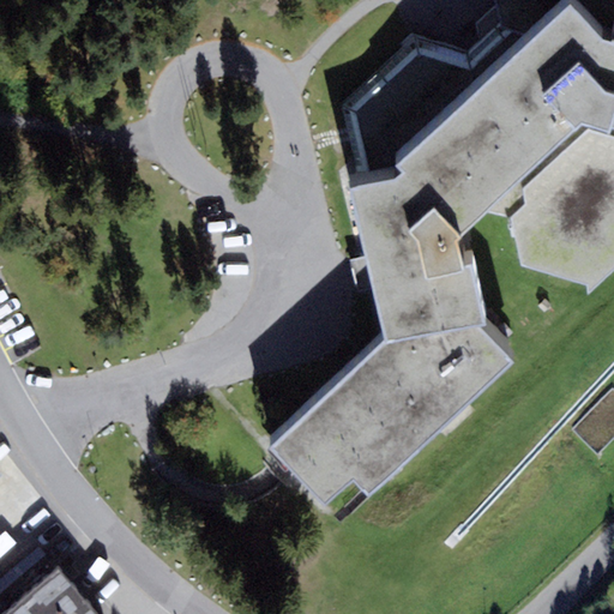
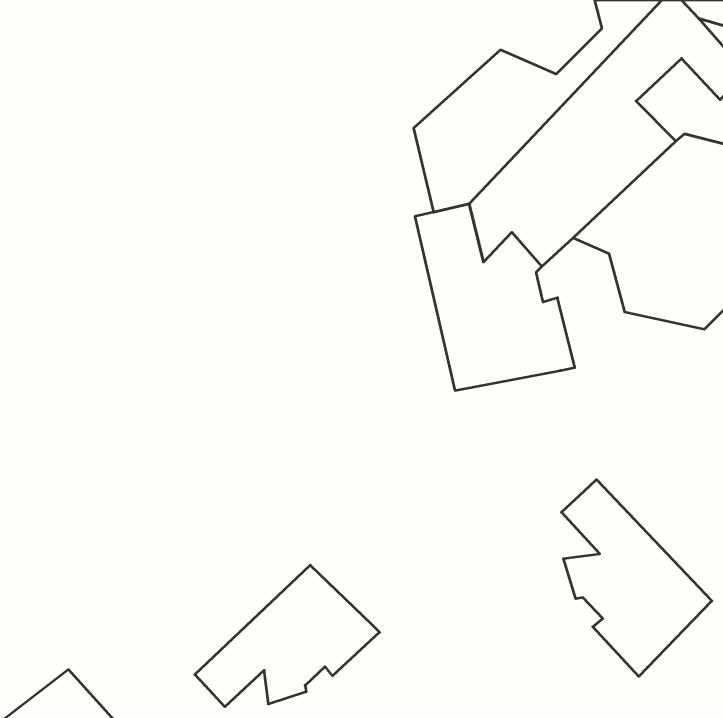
building: [271,320,514,506] -> none
building: none -> [561,480,712,676]
building: none -> [195,565,380,707]

